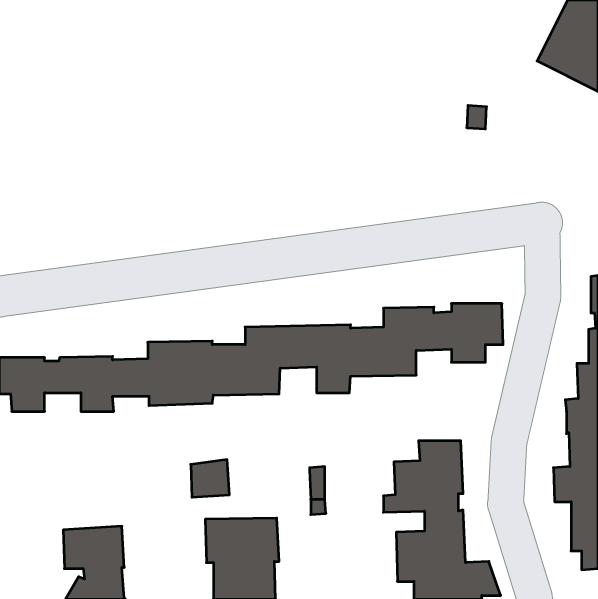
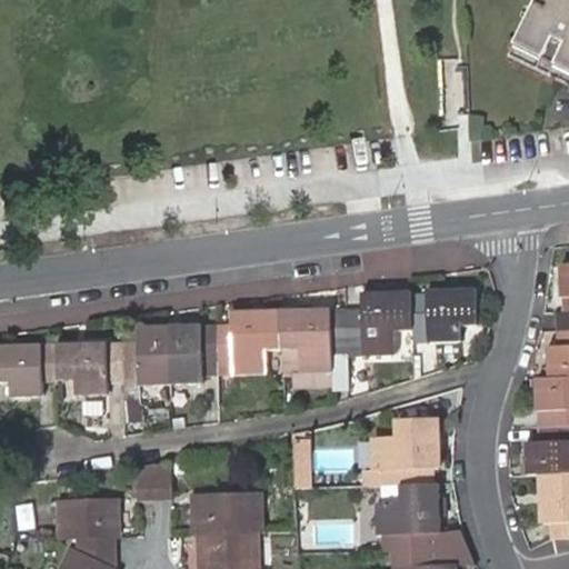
building: [191,460,229,497] -> [137,462,173,498]

